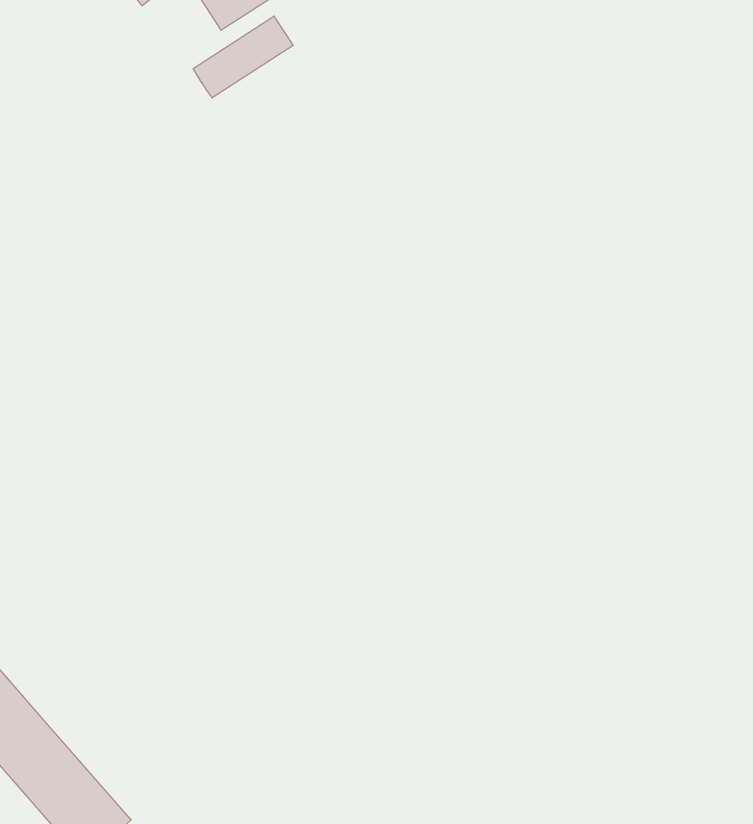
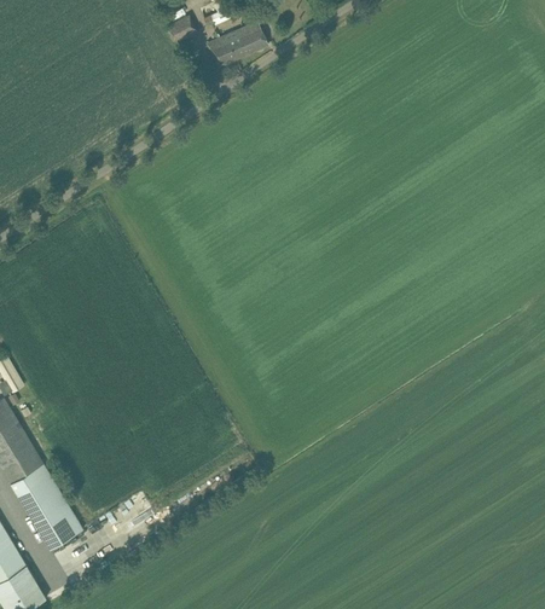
building: [193,16,293,98] -> none

